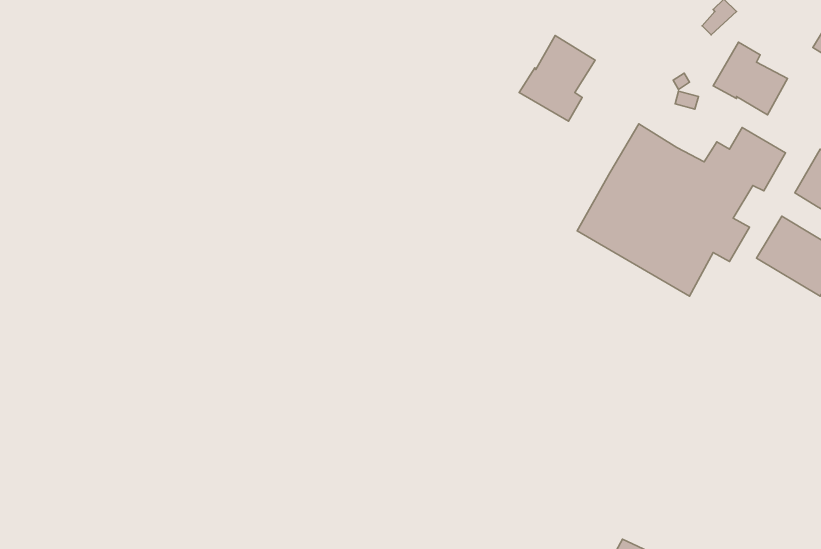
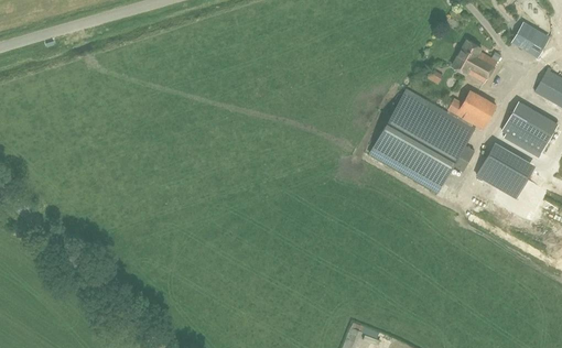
building: [519,36,595,121] -> none

